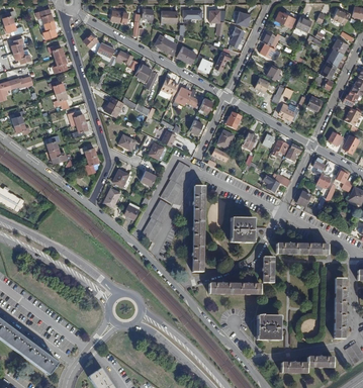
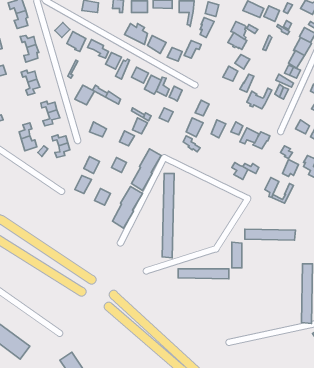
building: [231,217,254,241] -> none
building: [257,314,280,340] -> none
building: [280,356,333,372] -> none

